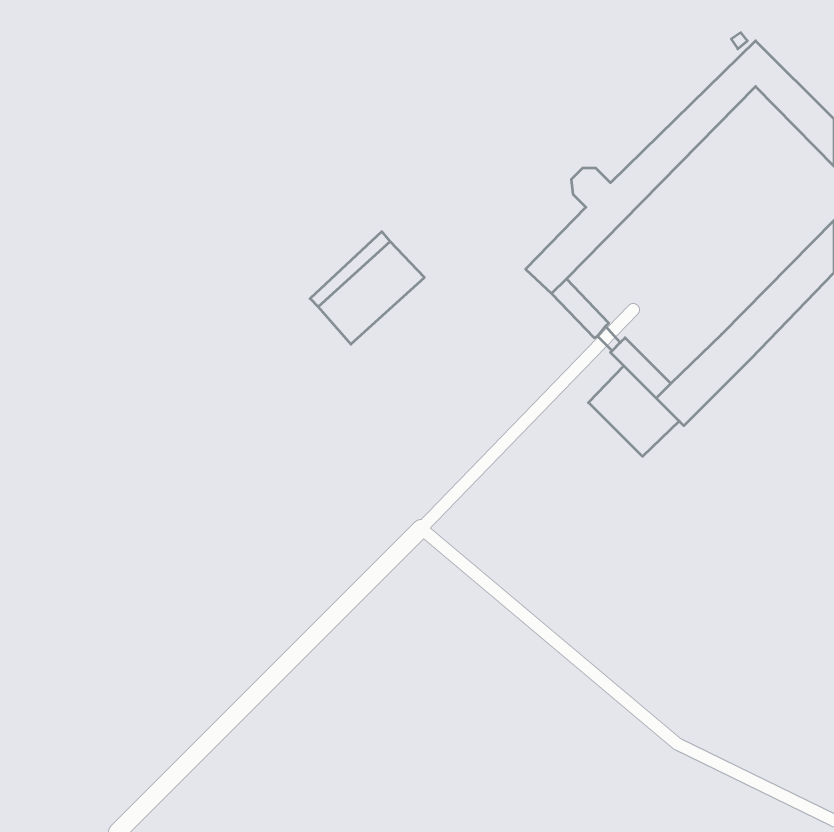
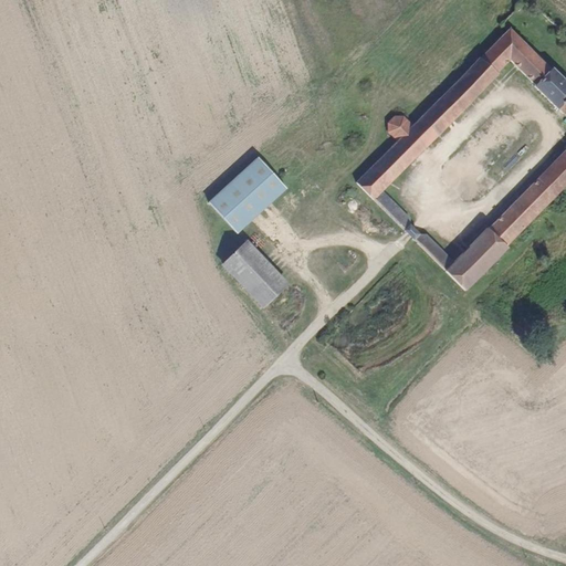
building: none -> [226,242,287,306]
building: [588,366,679,456] -> none

